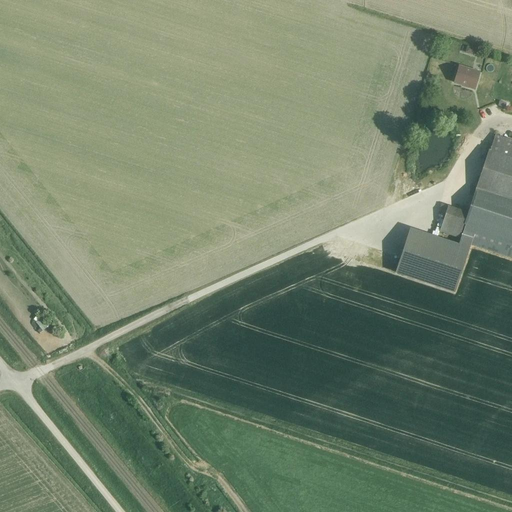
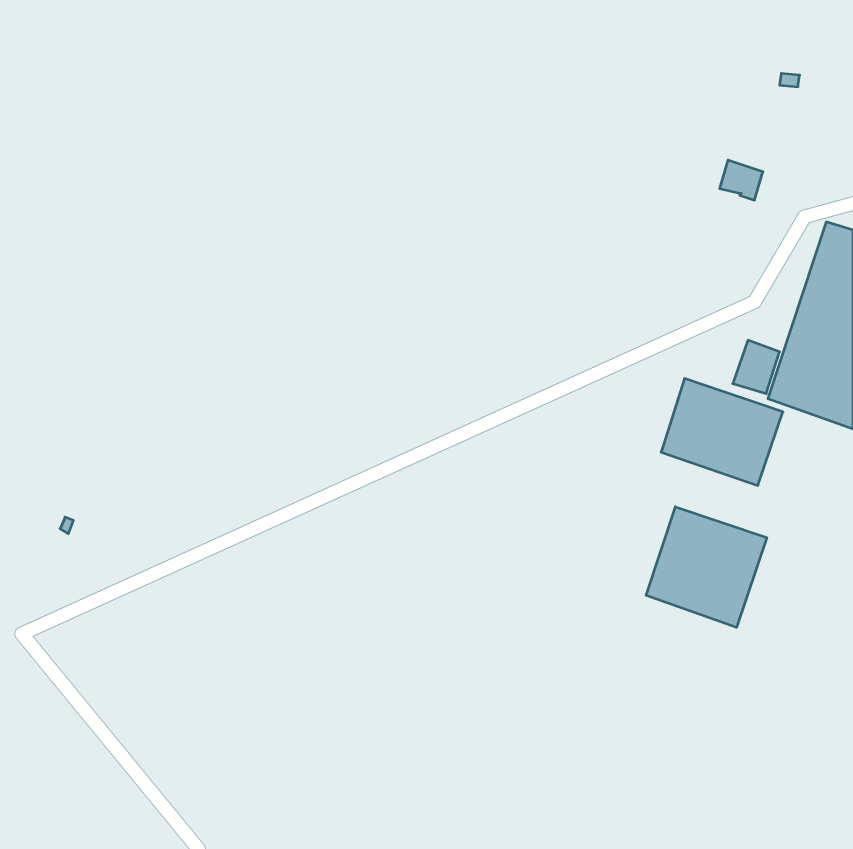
building: [454,64,480,88] -> [720,160,763,200]
building: none -> [646,507,767,627]

